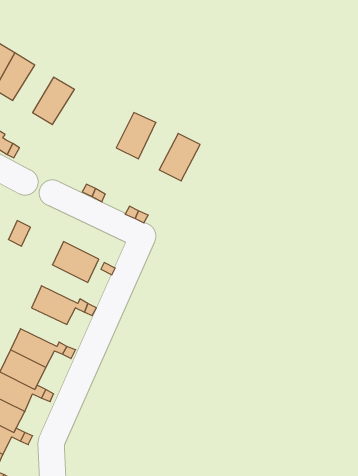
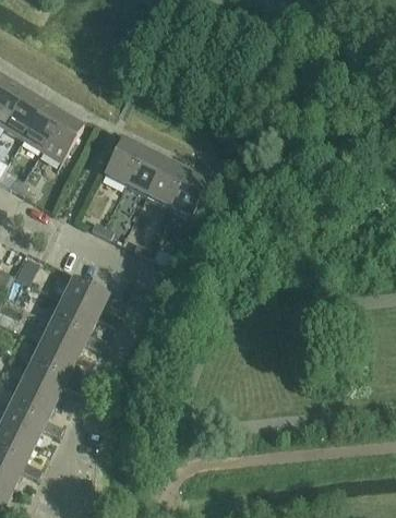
building: none -> [22,101,62,148]
building: none -> [103,137,142,183]
building: none -> [146,158,185,205]
building: none -> [50,299,96,337]
building: none -> [29,341,75,380]

